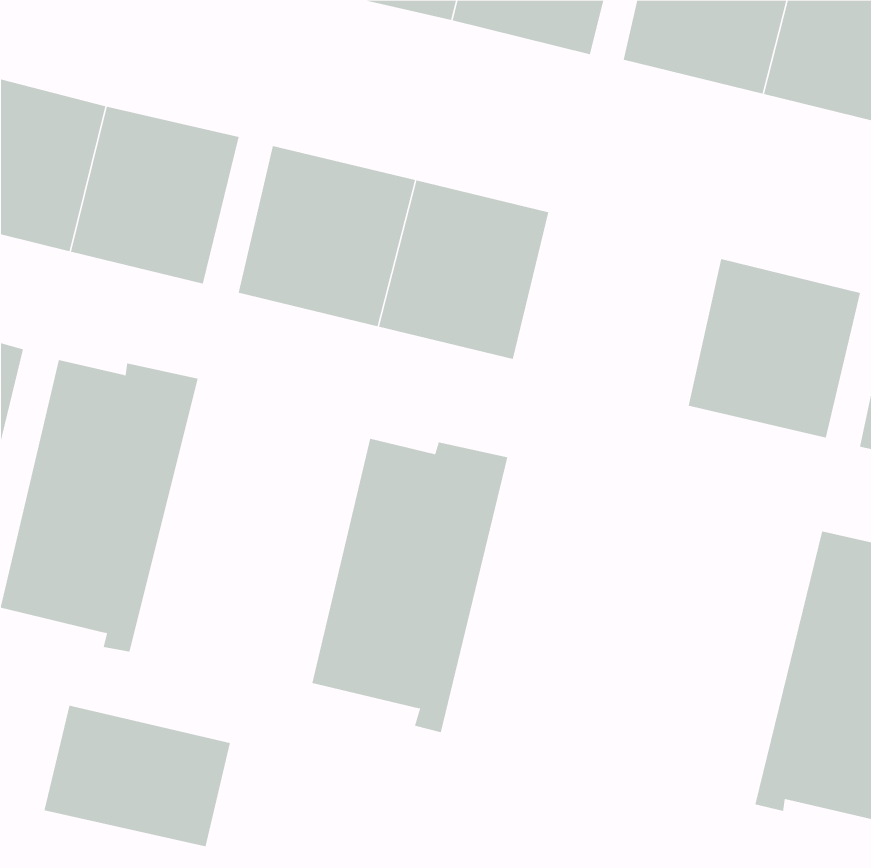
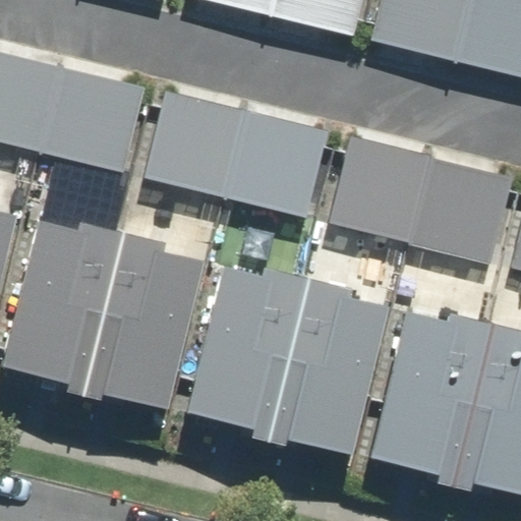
building: none -> [329,138,430,245]
building: none -> [79,229,201,407]
building: none -> [265,276,387,452]
building: none -> [370,308,490,482]
building: [44,705,230,847] -> none

